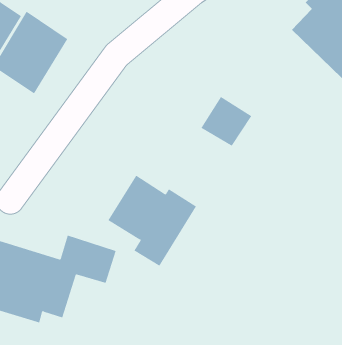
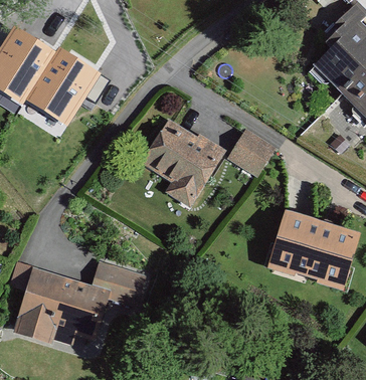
building: [107,175,197,266] -> [139,119,224,206]
building: none -> [272,216,356,284]

